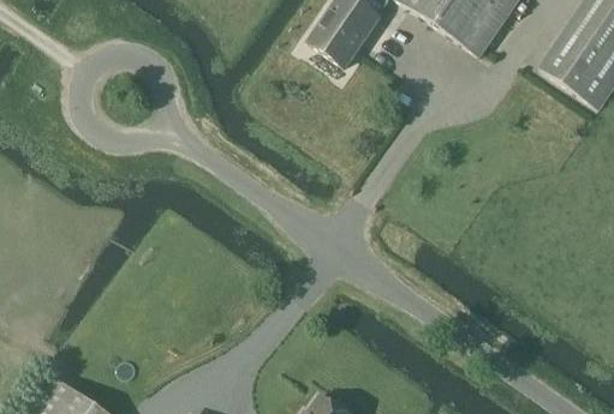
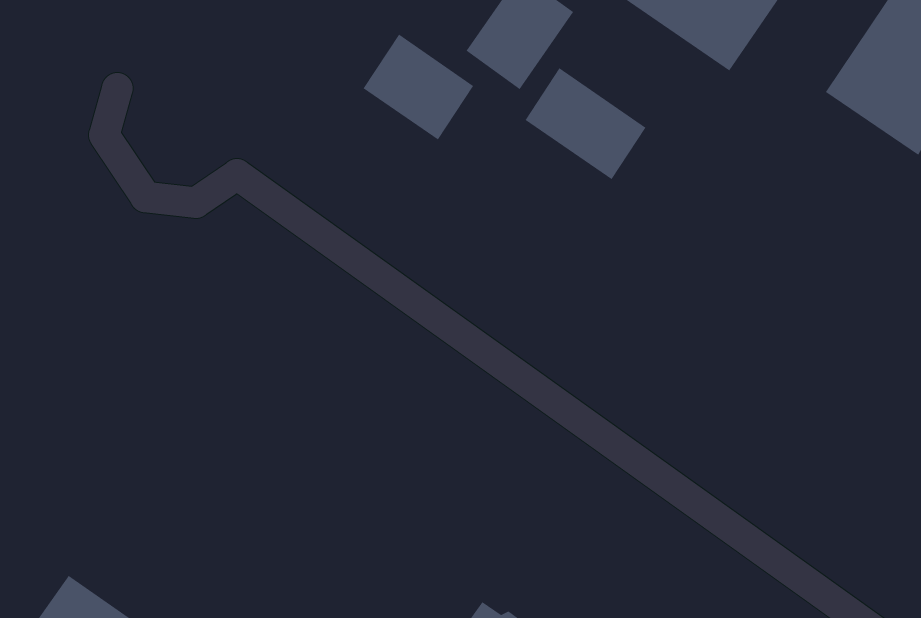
building: none -> [363,34,474,141]
building: none -> [525,67,646,180]

